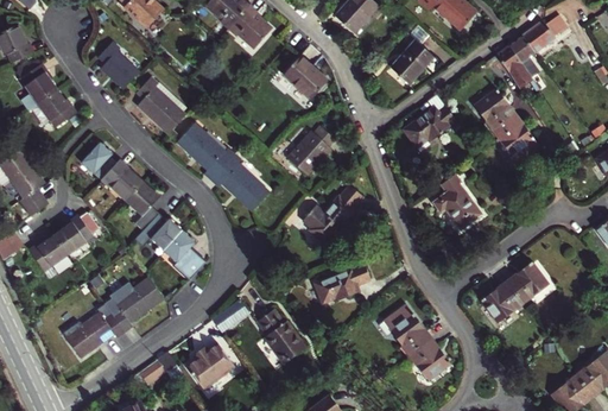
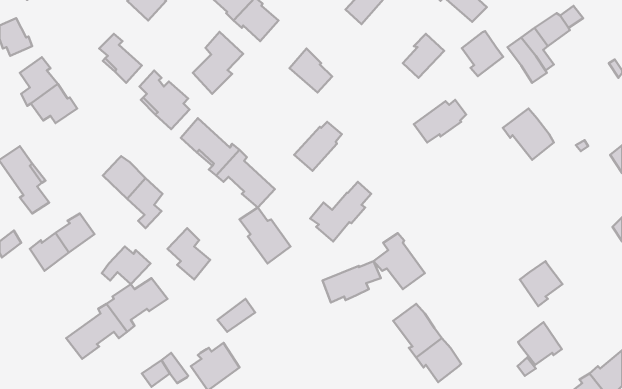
building: none -> [193,32,243,94]
building: [475,88,515,132] -> [462,31,503,76]
building: [82,141,116,178] -> none
building: [432,173,482,228] -> [374,233,425,289]
building: [135,213,183,249] -> [102,246,150,284]
building: [482,279,525,321] -> [518,322,562,365]
building: [256,308,306,362] -> [239,207,291,264]

